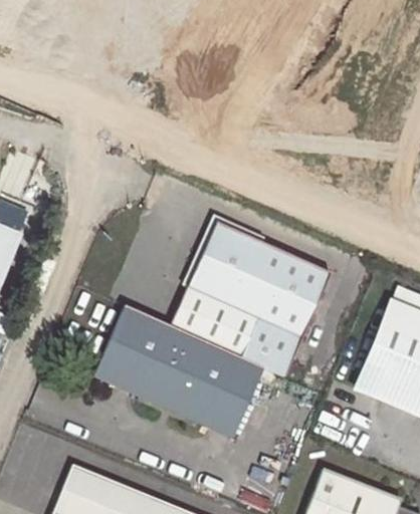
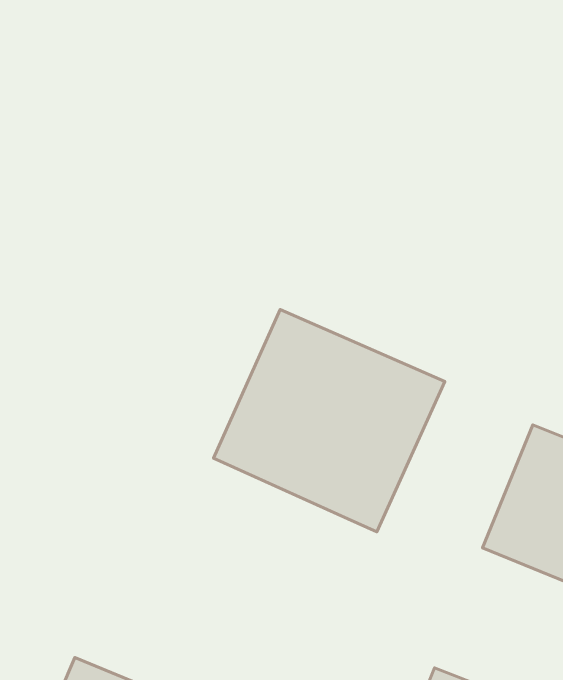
building: [92,305,261,437] -> none

